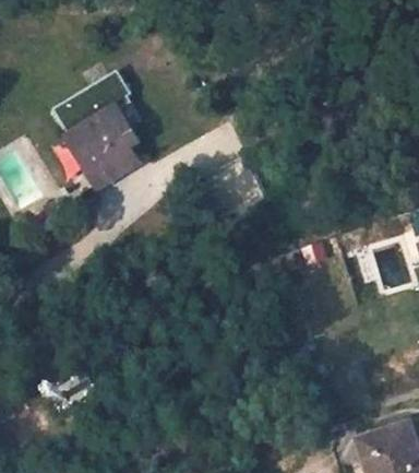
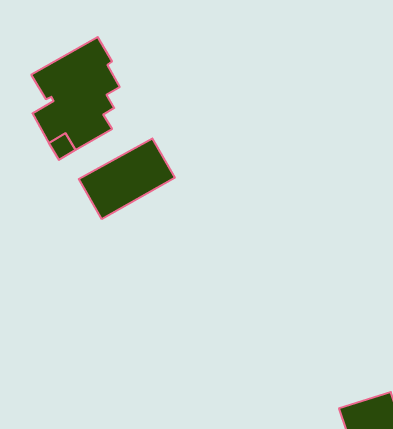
building: none -> [79,138,175,219]

